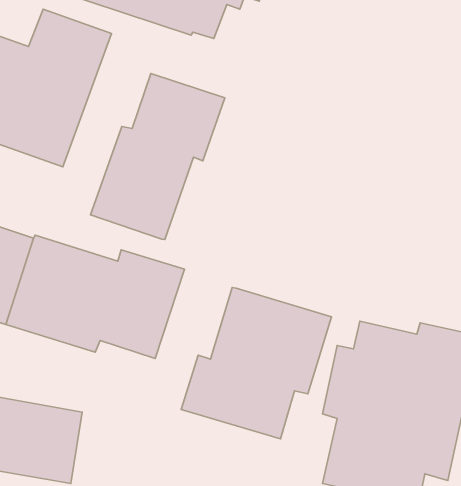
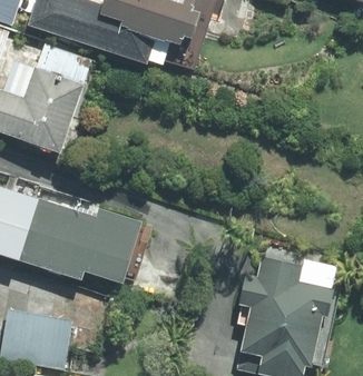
building: [91,73,225,240] -> none
building: [181,288,332,439] -> none

